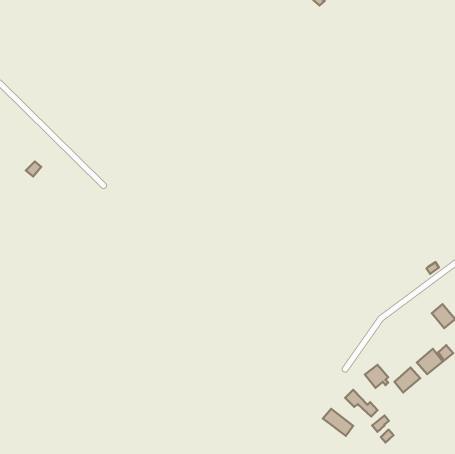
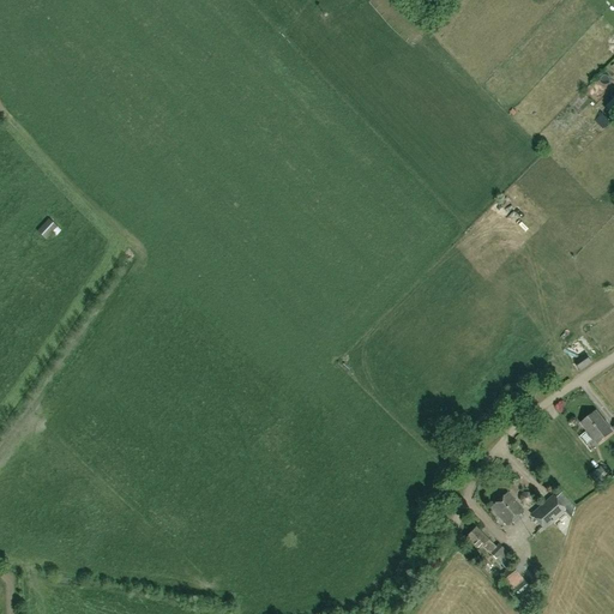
building: [417,349,443,374] -> none
building: [323,409,353,436] -> none

